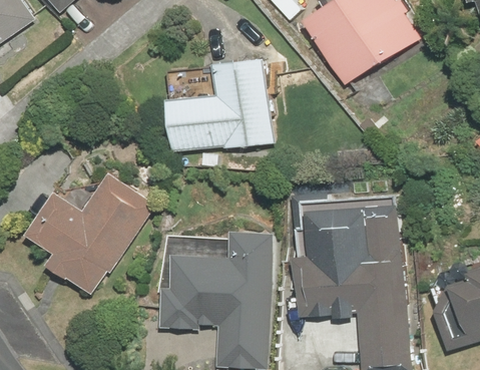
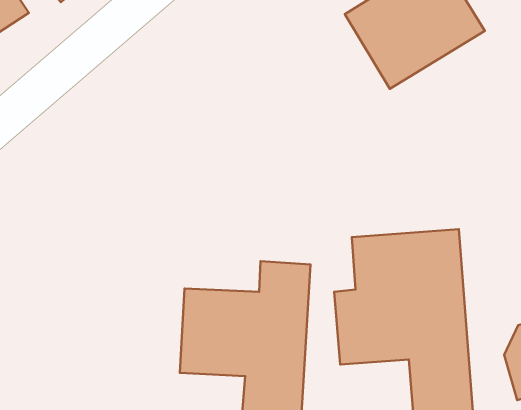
building: [167,59,274,149] -> none
building: [25,171,156,294] -> none

